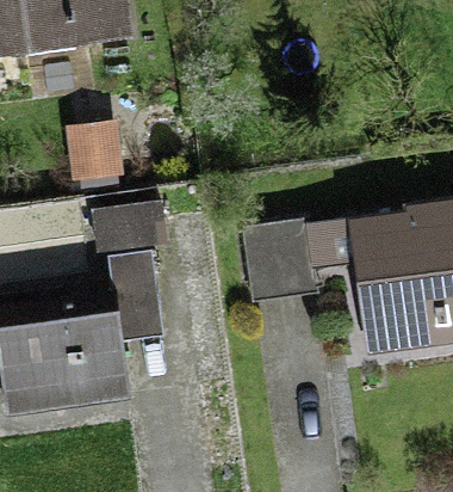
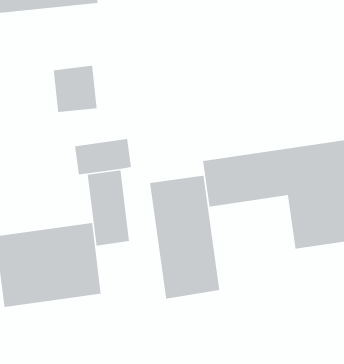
building: none -> [149,175,220,300]

